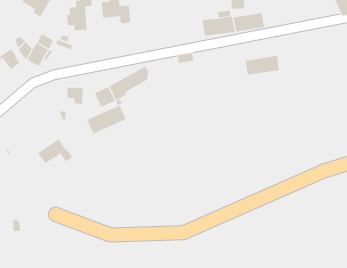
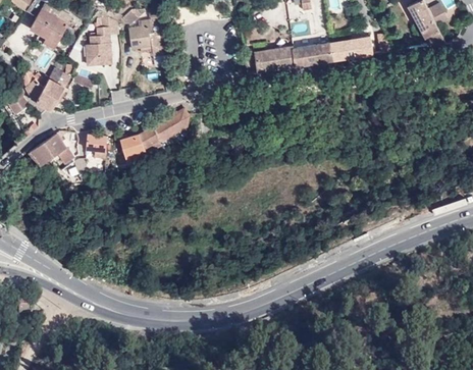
building: [245,56,279,75] -> [328,37,371,61]
building: [87,105,126,134] -> none
building: [37,139,73,164] -> [29,134,73,165]

